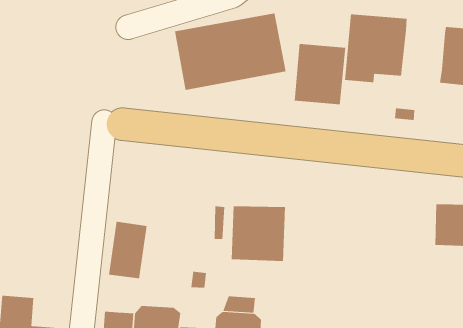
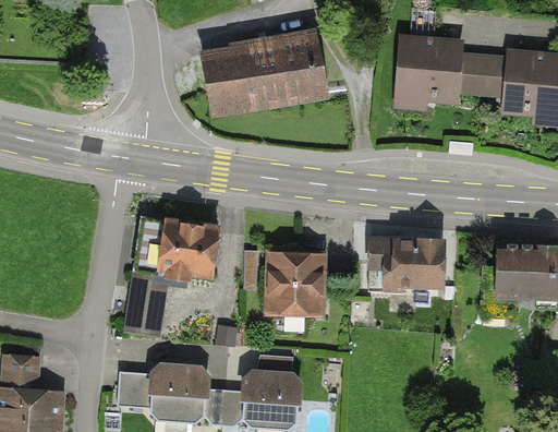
building: none -> [460,51,507,96]
building: [294,43,346,105] -> none
building: none -> [134,216,219,280]
building: none -> [371,237,445,288]

